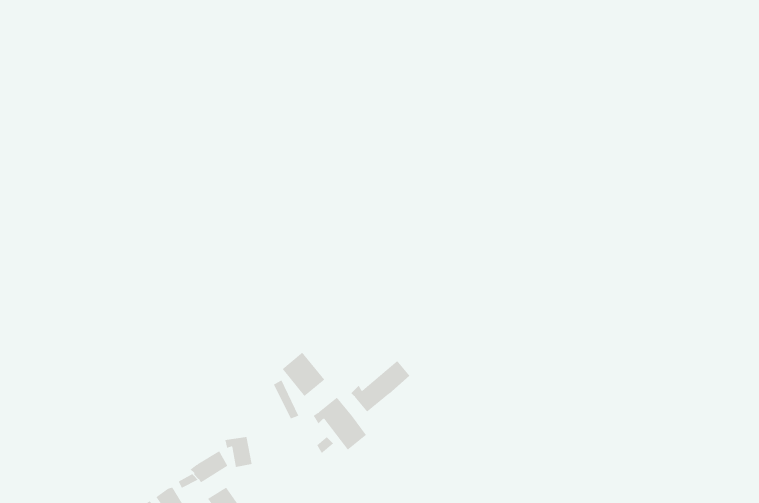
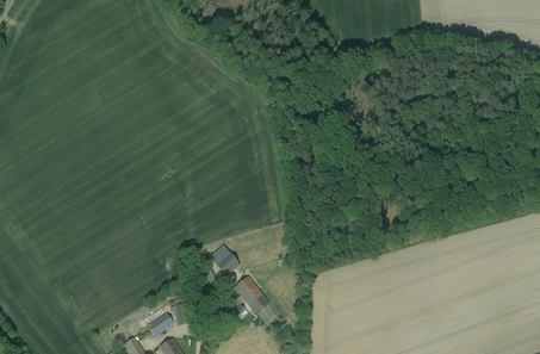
building: [350,360,410,412] -> none

